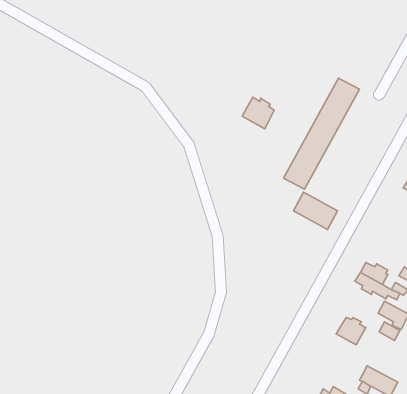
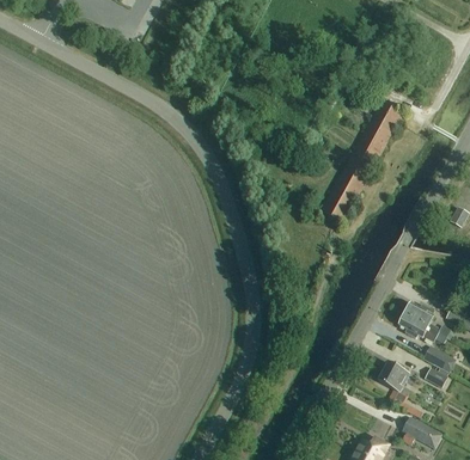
building: [242,97,274,129] -> none
building: [293,192,338,229] -> none

